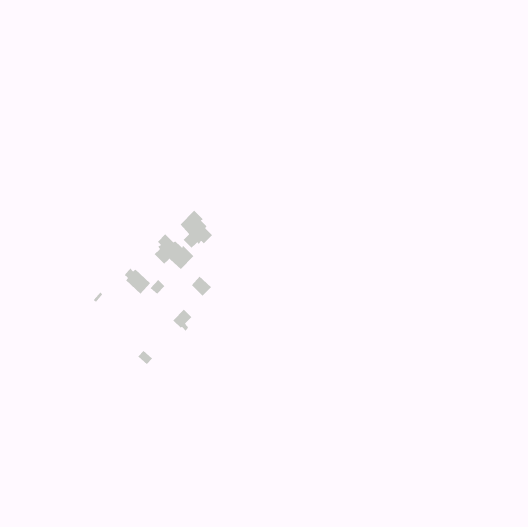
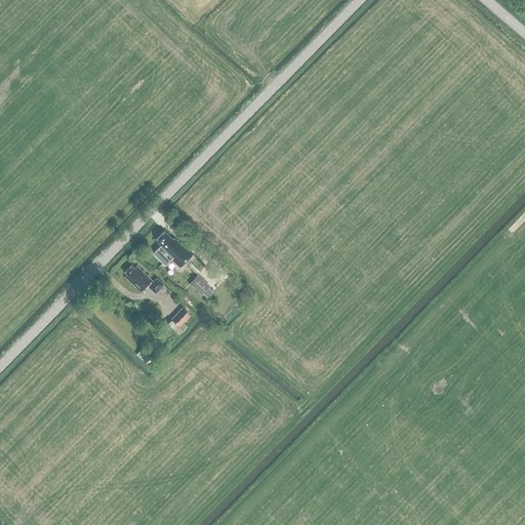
building: [180,210,213,249] -> none

